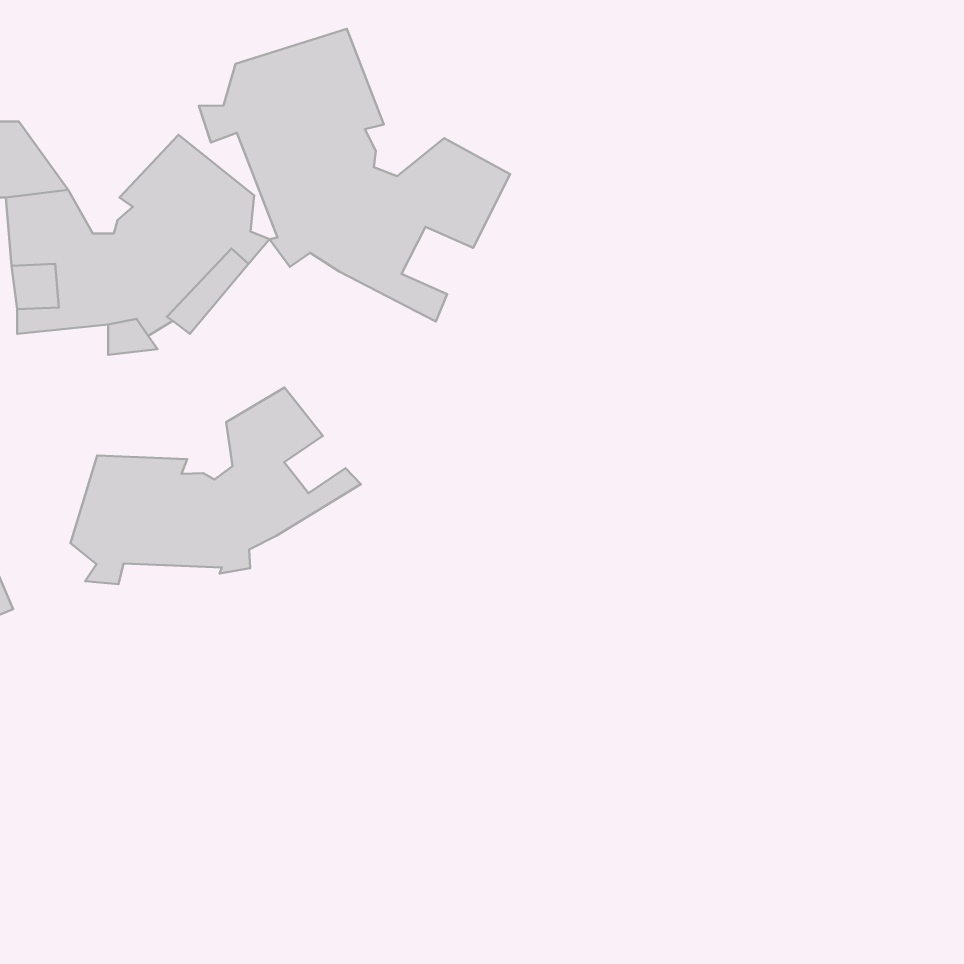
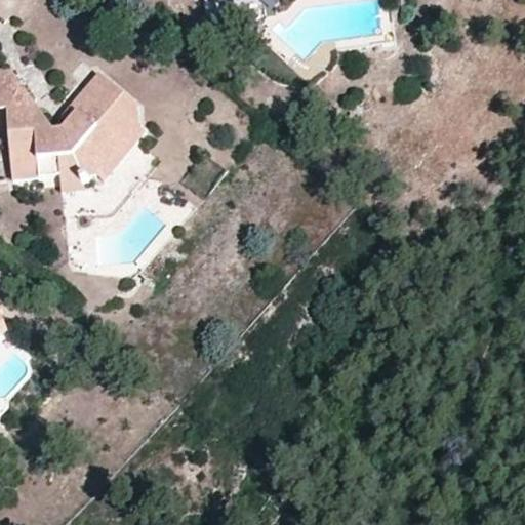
building: [199,29,510,322] -> none
building: [71,387,361,584] -> none

